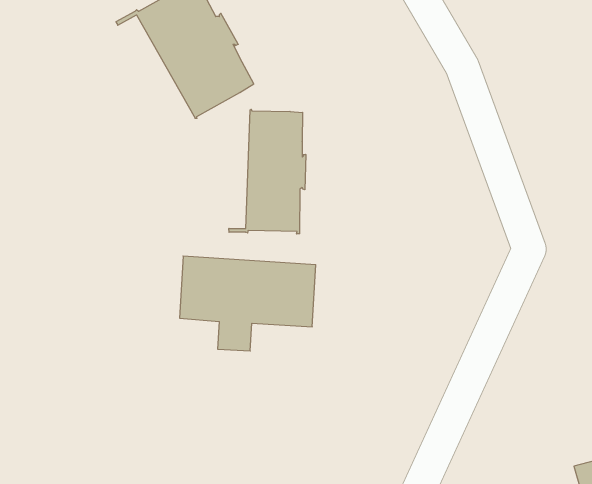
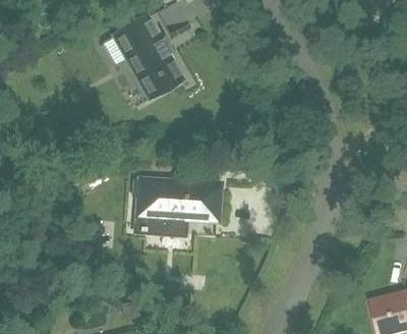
building: [229,109,306,234] -> none

